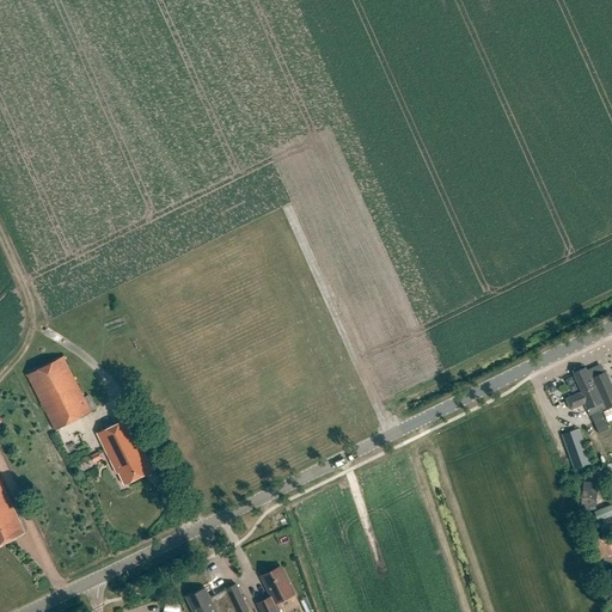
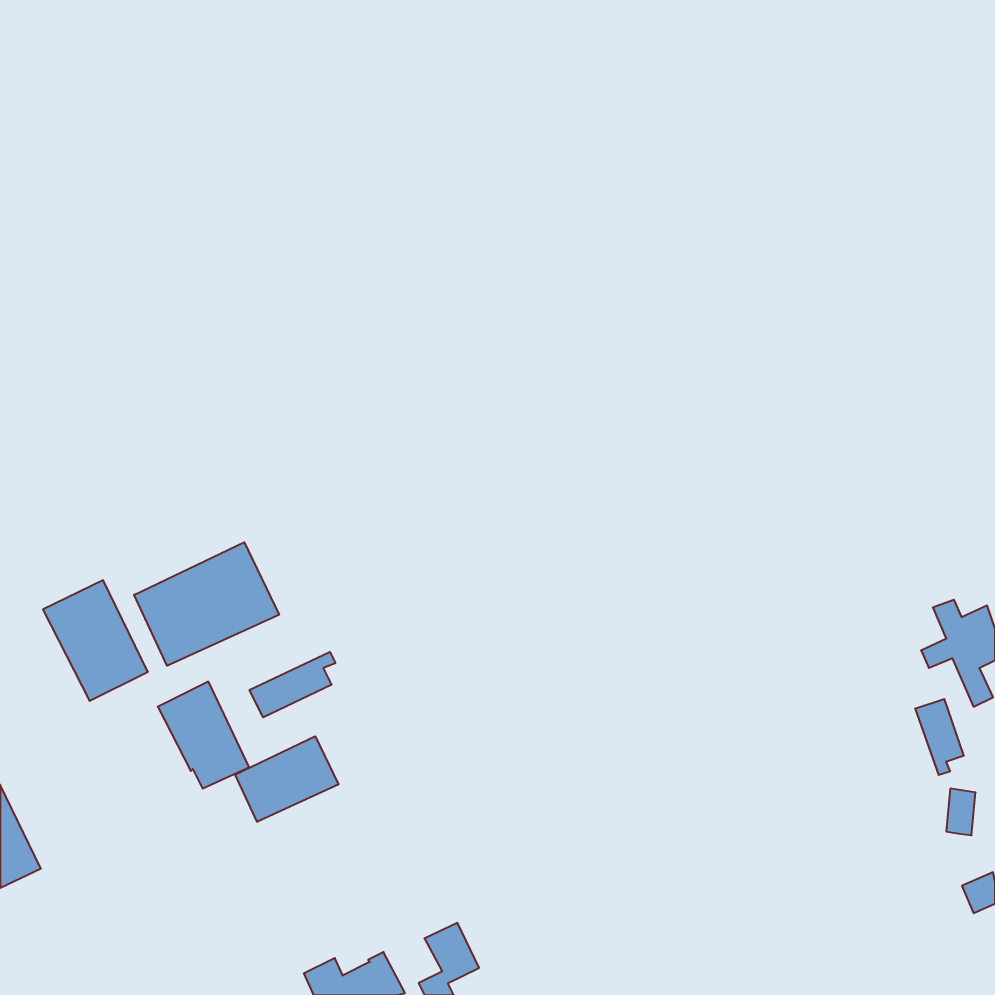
building: none -> [134,542,279,666]
building: none -> [250,652,335,717]
building: none -> [235,736,338,822]

